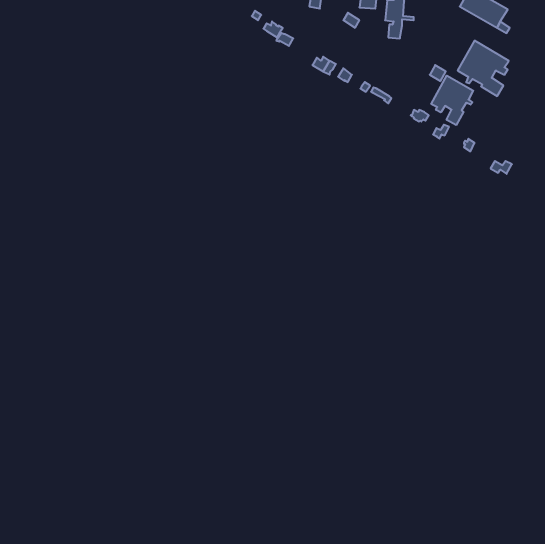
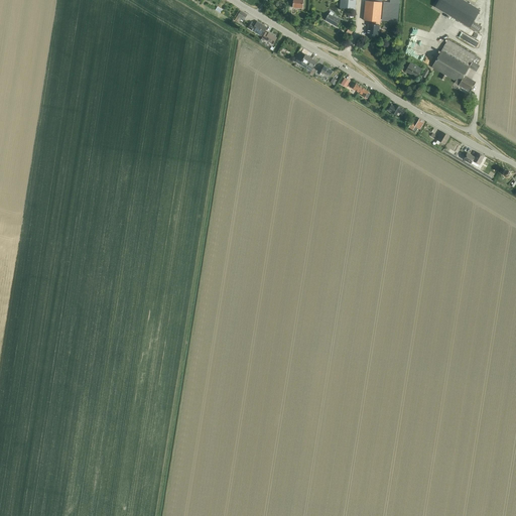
building: [431,76,473,125] -> none

